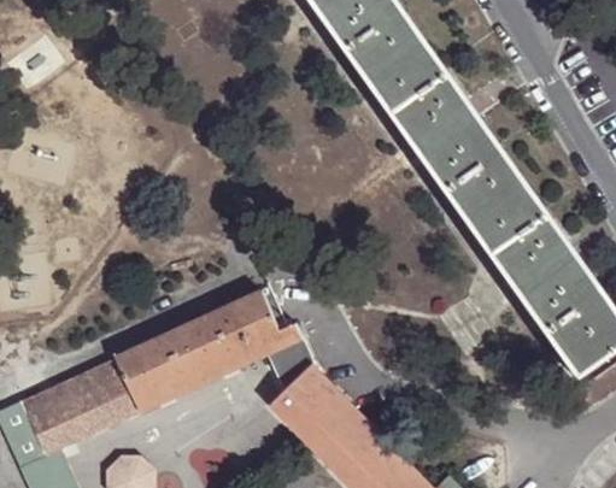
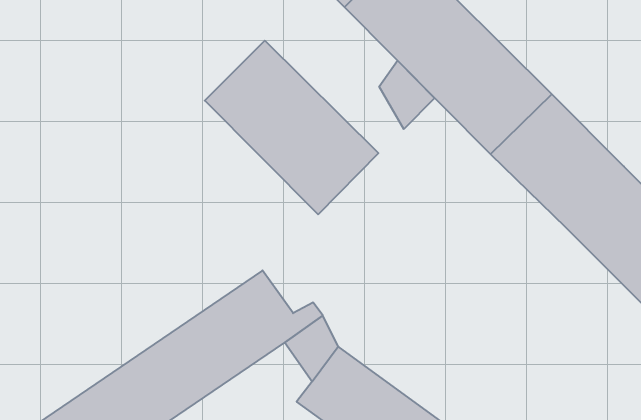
building: none -> [205,41,378,214]
building: none -> [379,60,435,129]

